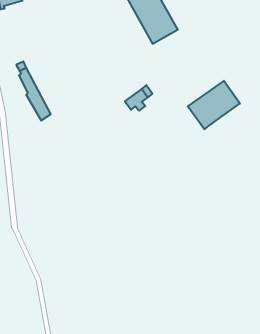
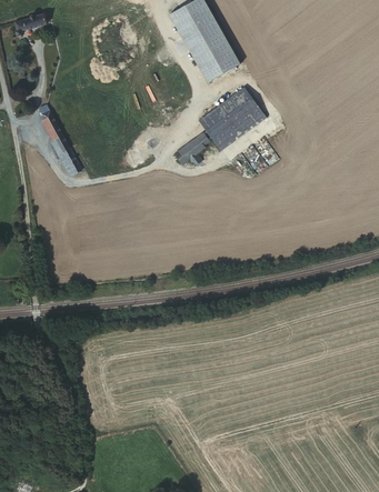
building: [188,81,240,129] -> [198,88,263,149]

